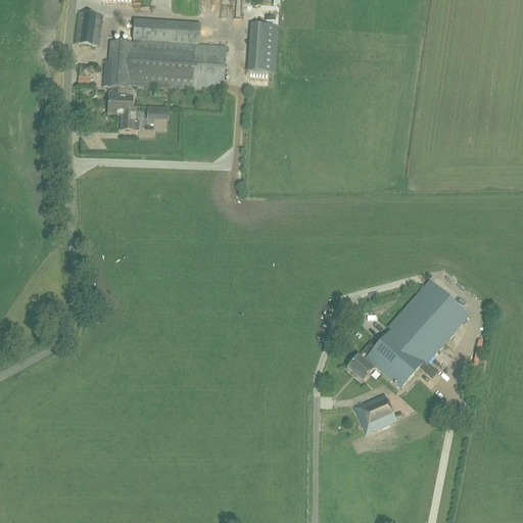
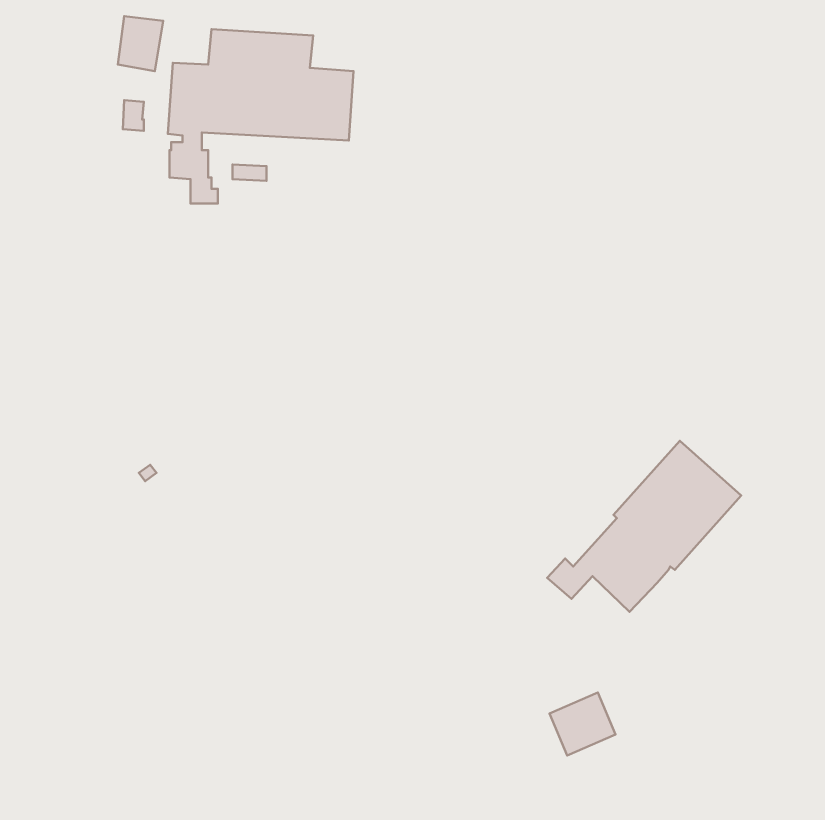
building: [246,22,278,72] -> none
building: [353,391,395,431] -> [549,693,616,756]

